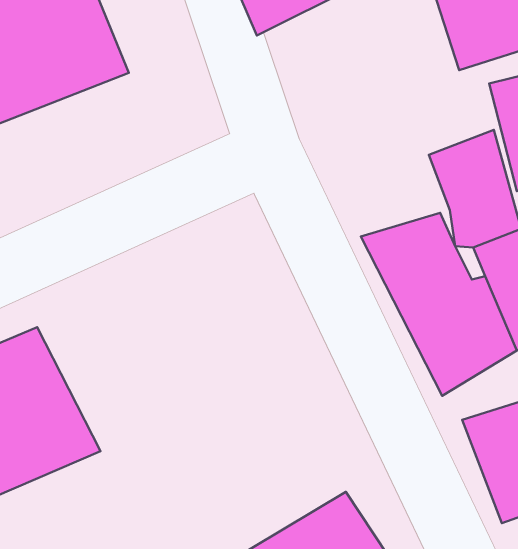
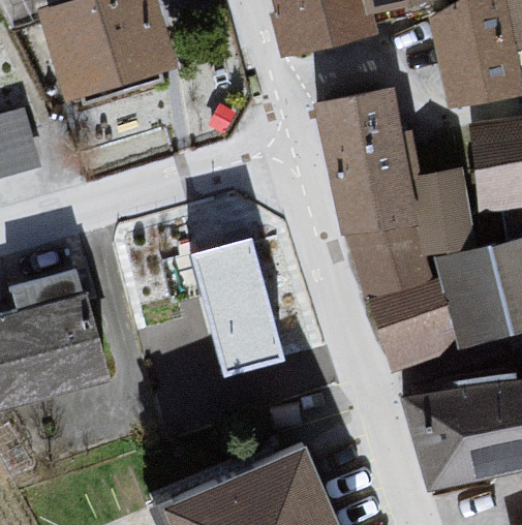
building: none -> [311,92,421,238]
building: none -> [192,221,284,359]

